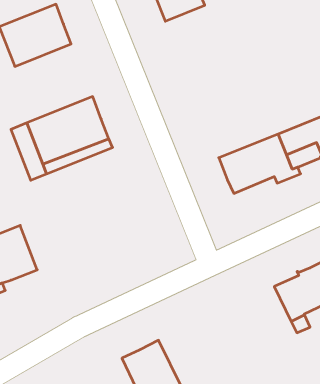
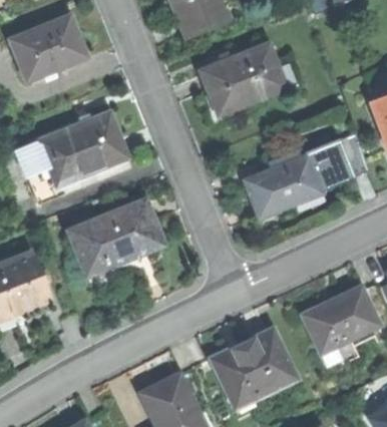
building: none -> [200,42,286,112]
building: none -> [69,200,160,273]
building: none -> [211,330,293,407]

